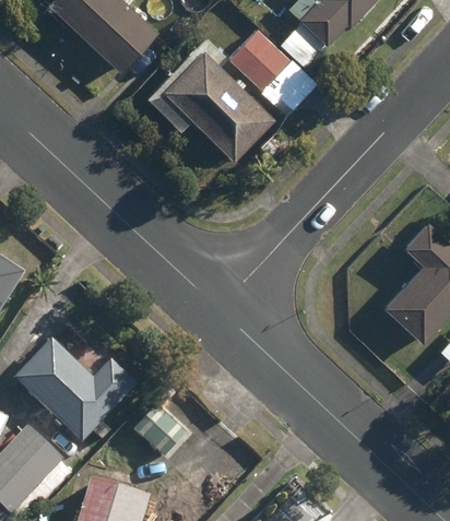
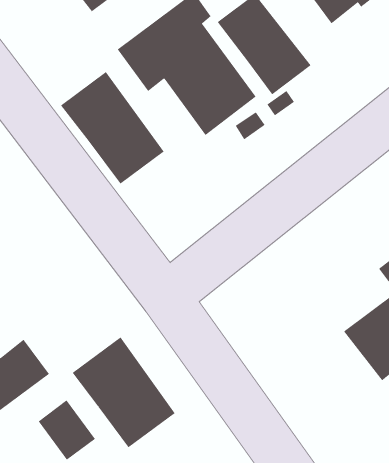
building: none -> [60,71,164,185]
building: none -> [72,337,175,448]

